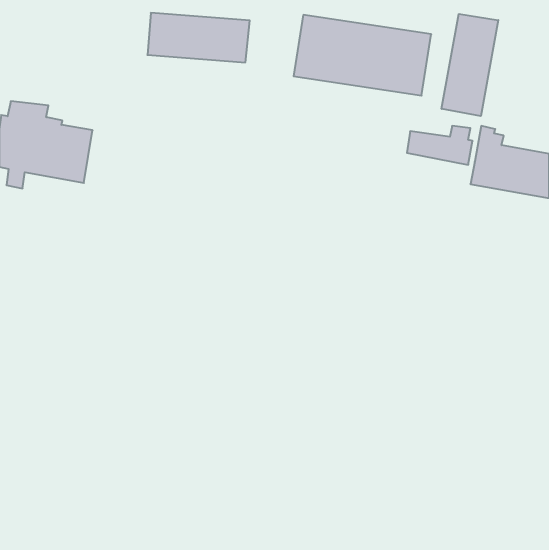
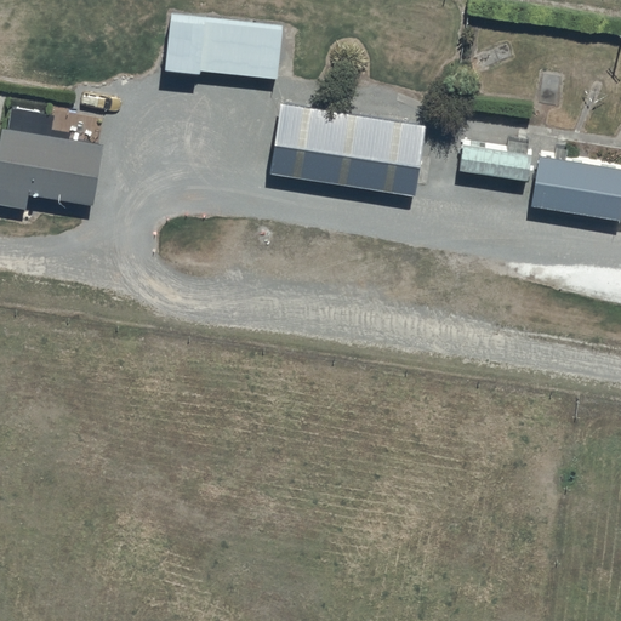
building: [442,14,498,116] -> none
building: [294,15,431,96] -> [269,104,425,195]

